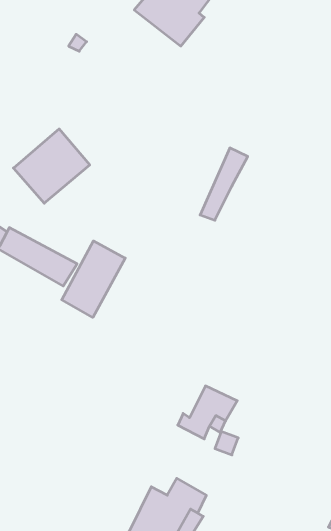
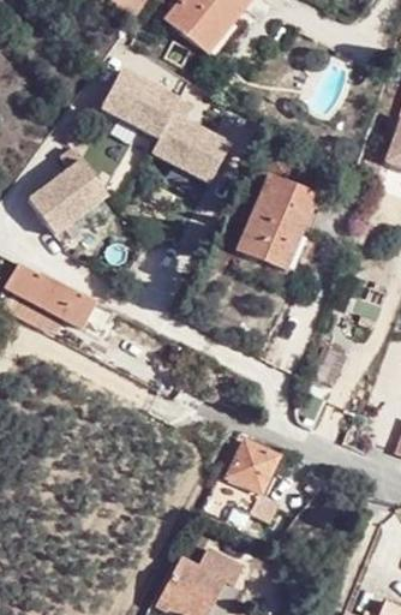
building: none -> [101,67,233,183]
building: none -> [252,184,318,271]
building: [62,241,125,317] -> none

